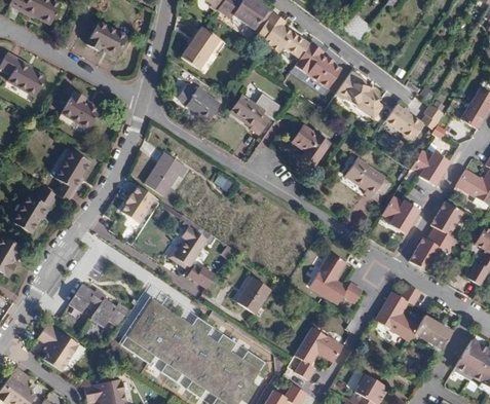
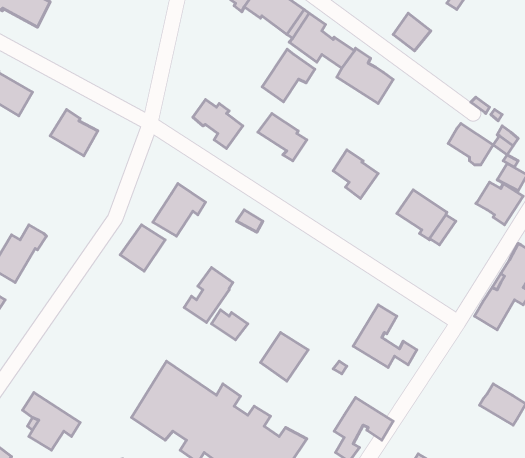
building: [87,21,127,57] -> none
building: [180,26,223,69] -> [262,49,315,102]
building: [337,71,382,118] -> none
building: [55,151,90,201] -> none
building: [382,196,419,234] -> none
building: [69,283,128,327] -> none
building: [377,284,421,340] -> none

